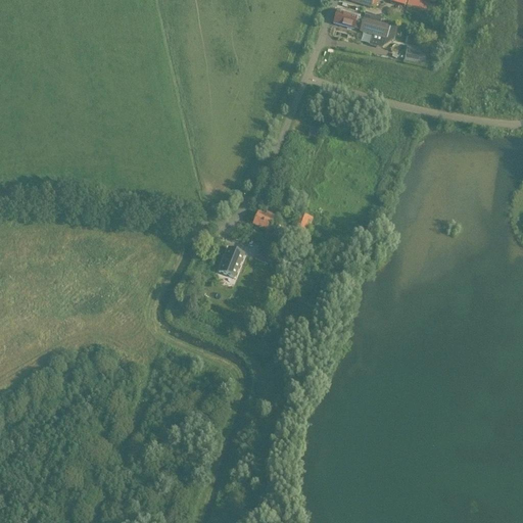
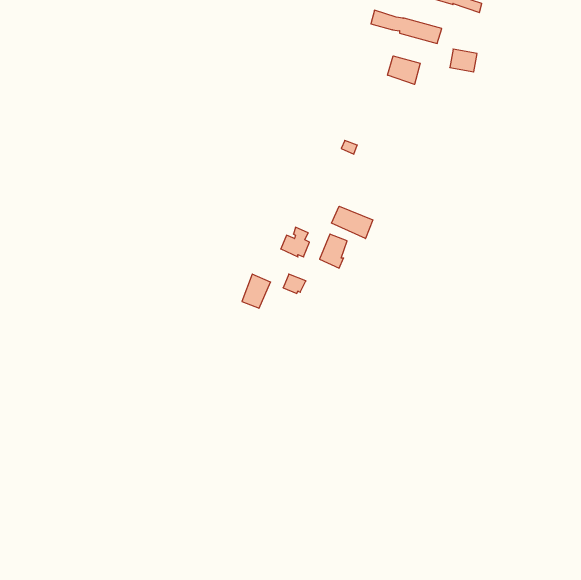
building: none -> [388,56,420,84]
building: none -> [332,206,373,239]

